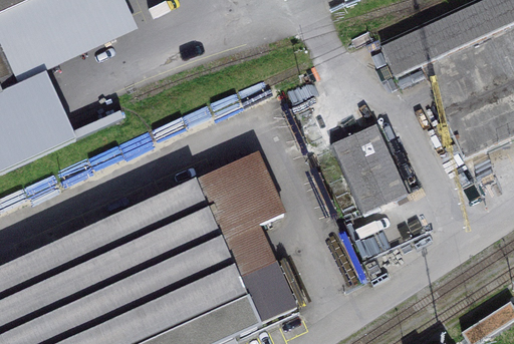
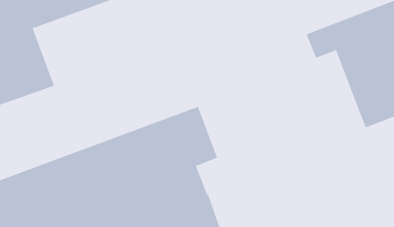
building: [330,121,410,212] -> none

